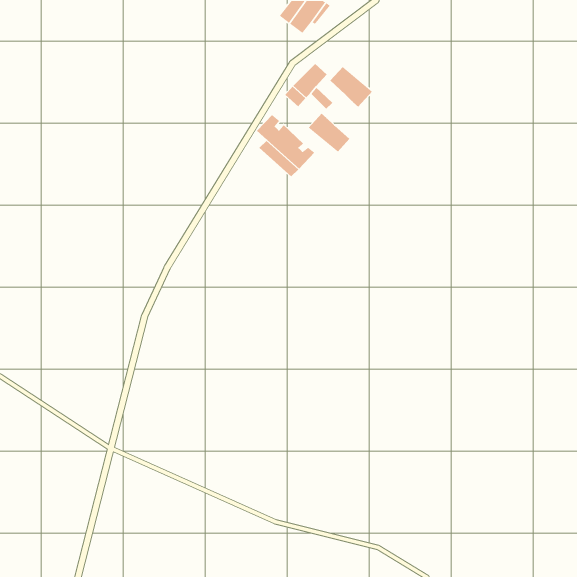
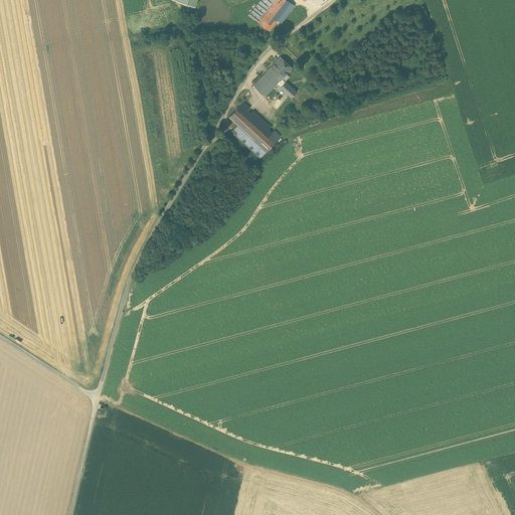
building: [329,66,373,107] -> none
building: [308,113,350,152] -> none

